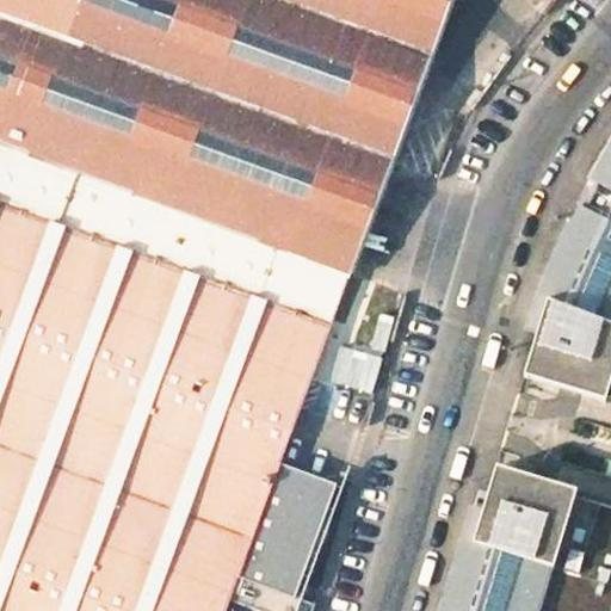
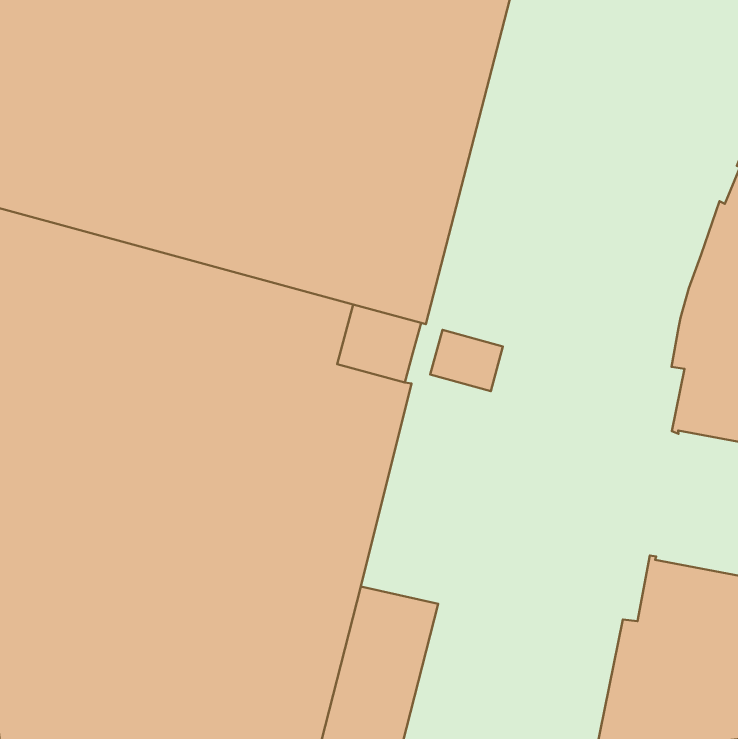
building: none -> [430,330,503,391]

